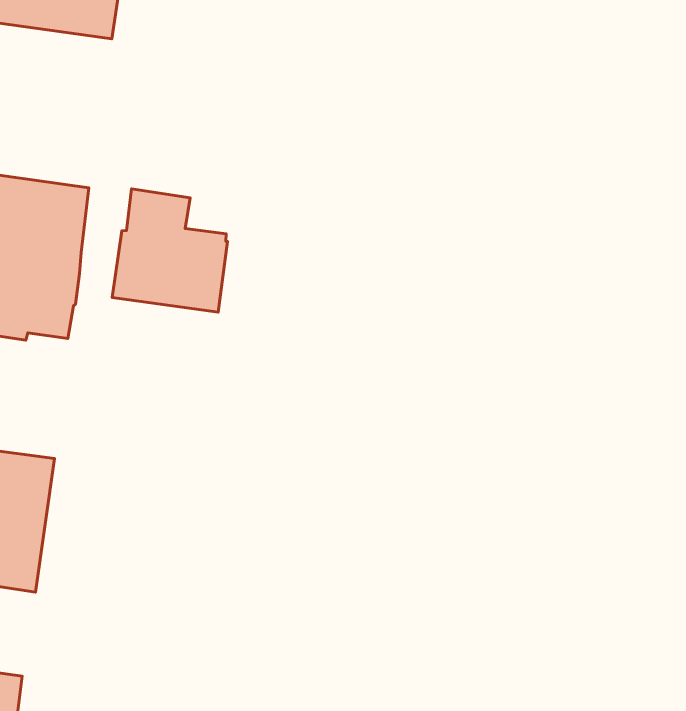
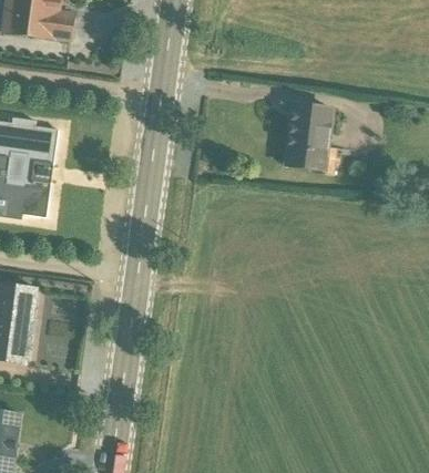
building: none -> [284,103,334,171]
building: [112,189,227,312] -> none

